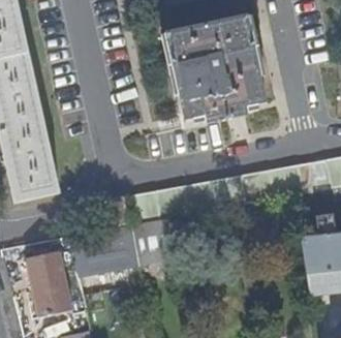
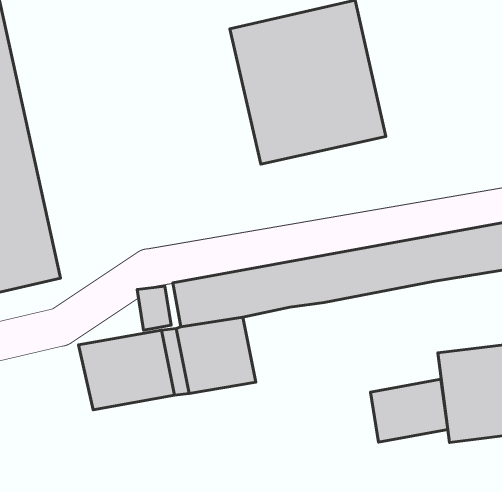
building: [26,249,69,316] -> none
building: none -> [371,379,448,442]

